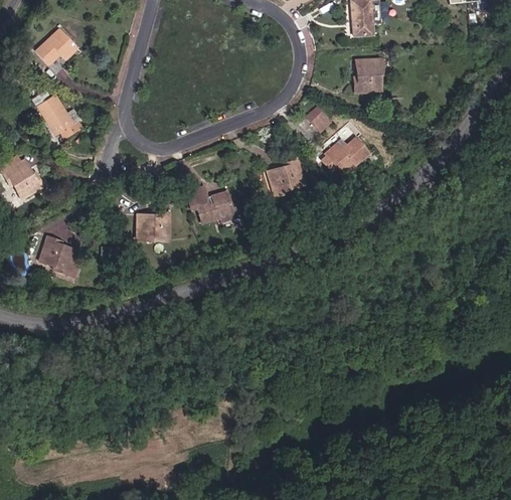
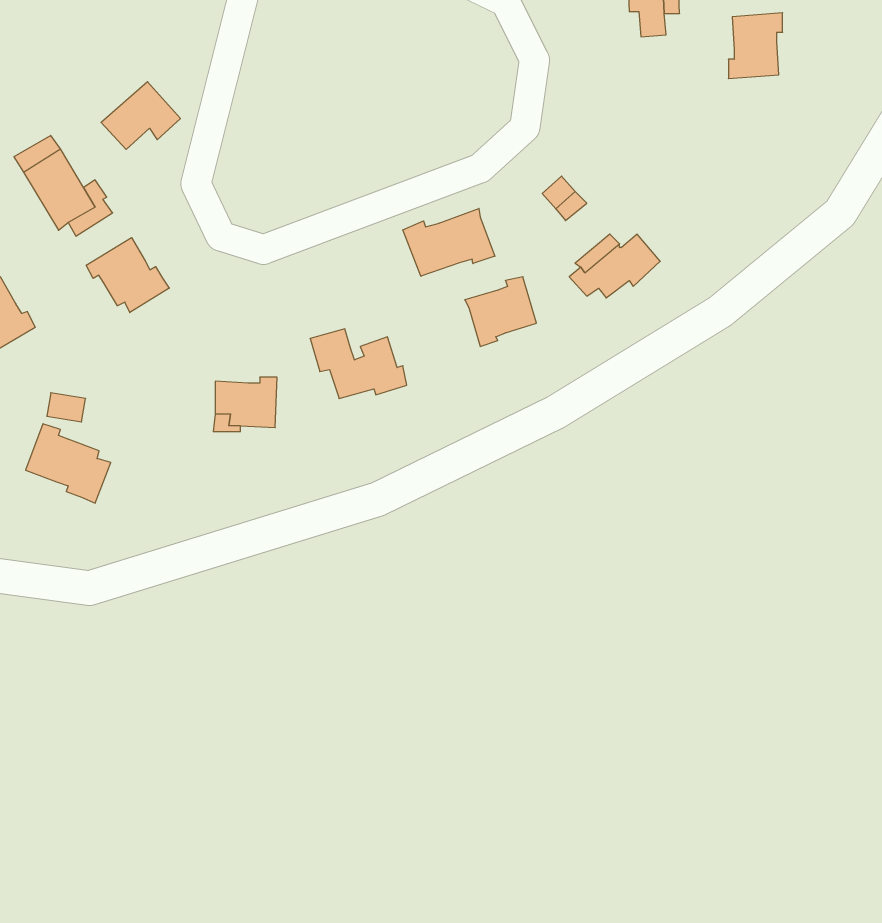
building: [36,29,77,64] -> [101,82,180,149]
building: [353,58,381,93] -> [728,13,783,79]
building: none -> [403,208,495,276]
building: none -> [86,238,169,313]

